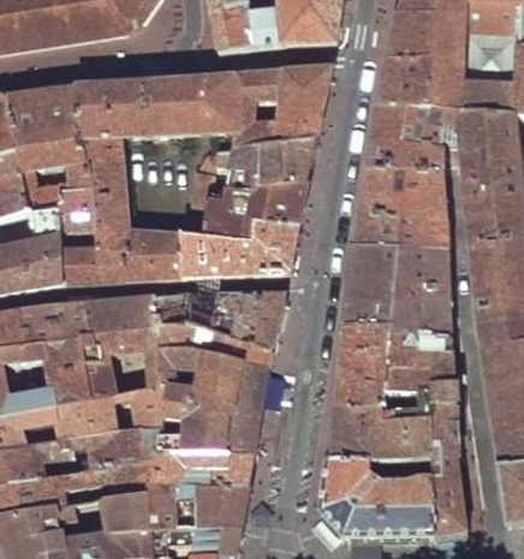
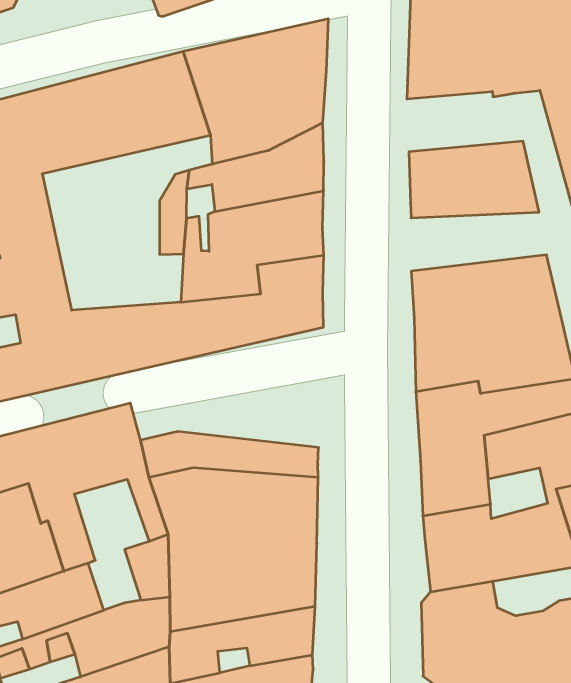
building: [368,131,443,172] -> none
building: [356,209,446,249] -> none
building: [157,295,286,349] -> none

